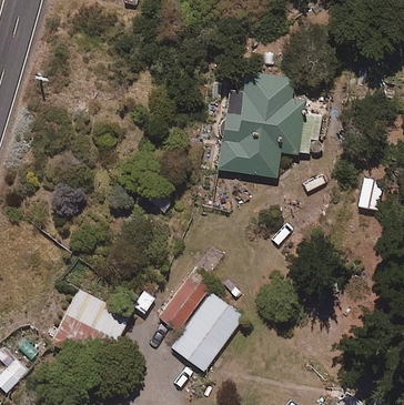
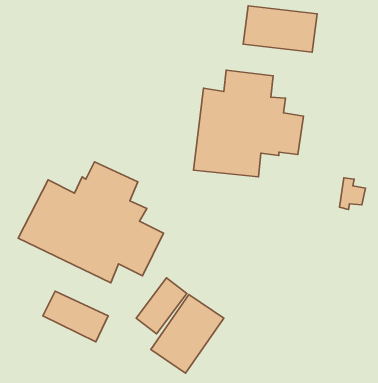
building: none -> [243,6,317,52]
building: none -> [18,162,163,283]

